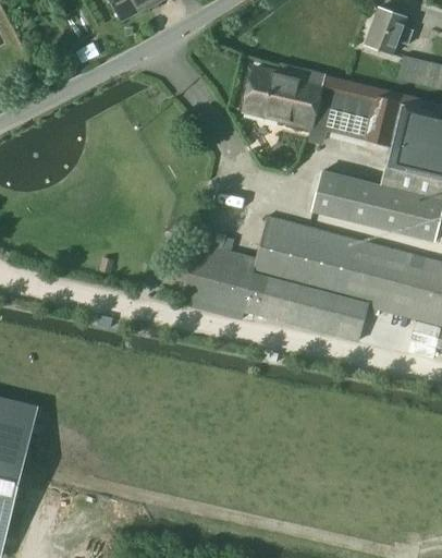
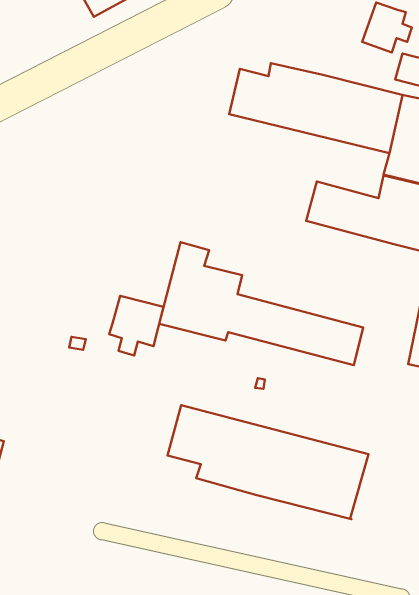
building: [251,217,408,314] -> none
building: none -> [109,296,164,355]
building: none -> [168,405,369,519]

